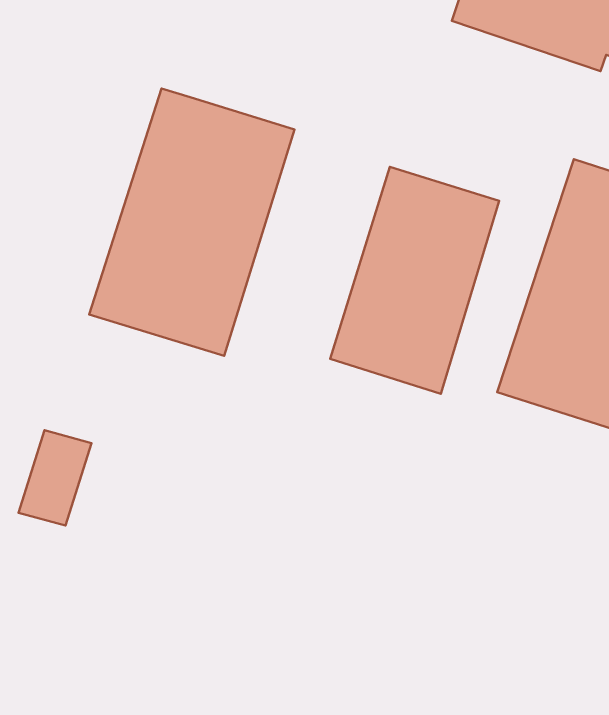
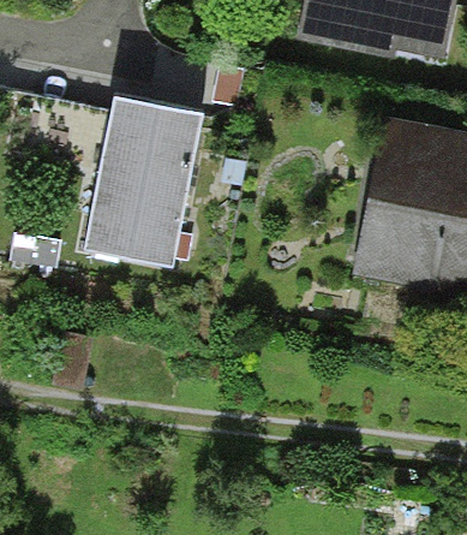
building: [330,167,499,394] -> none

